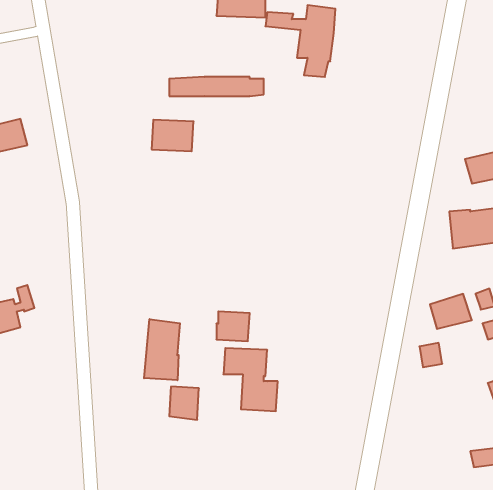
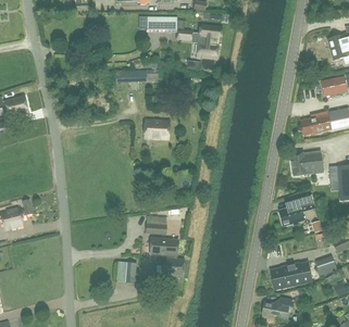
building: [152,120,194,151] -> [144,118,170,138]
building: [144,319,180,380] -> none
building: none -> [271,261,313,288]
building: none -> [262,297,292,317]

